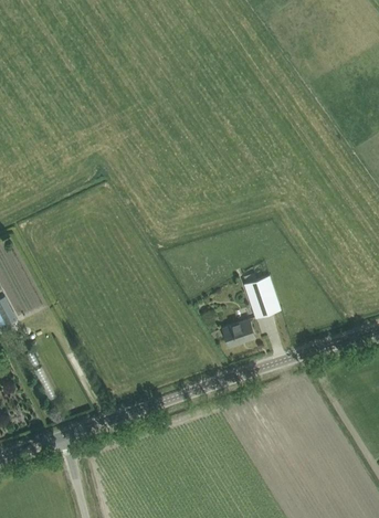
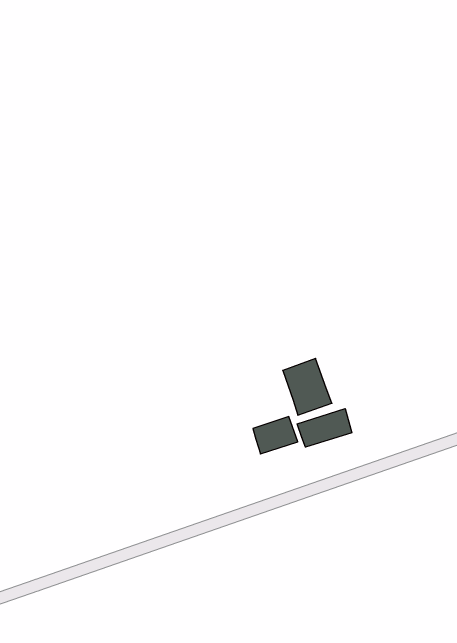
building: none -> [297,409,352,447]

